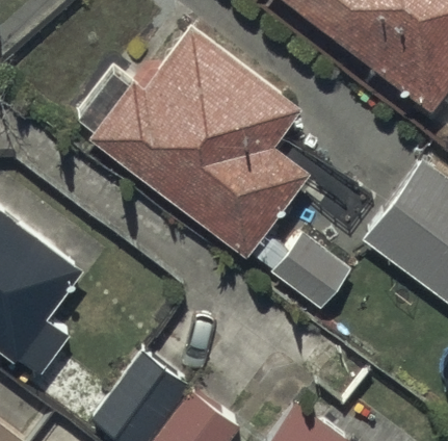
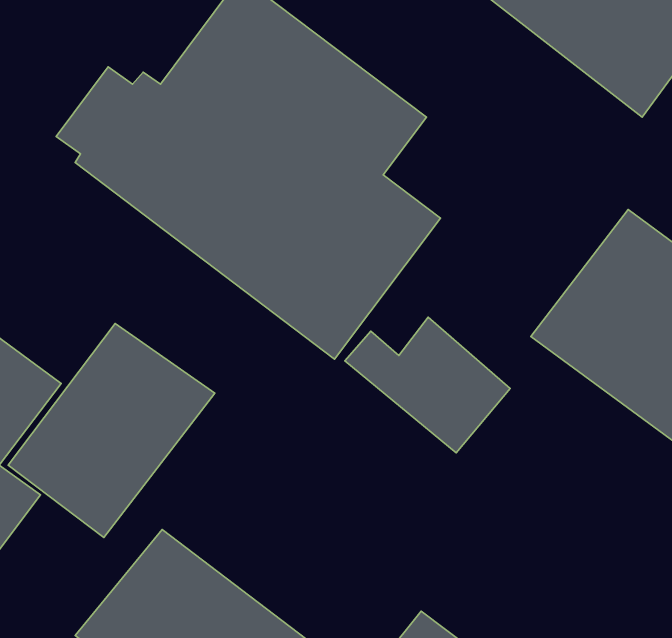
building: none -> [8,323,215,538]

